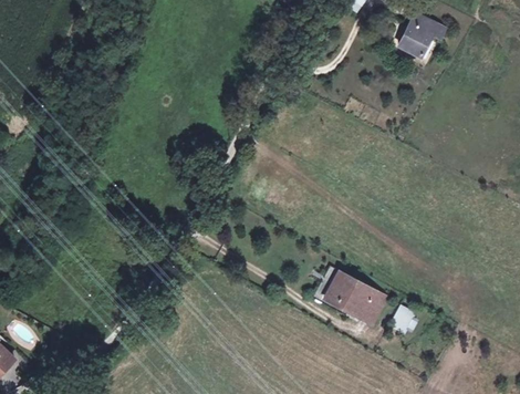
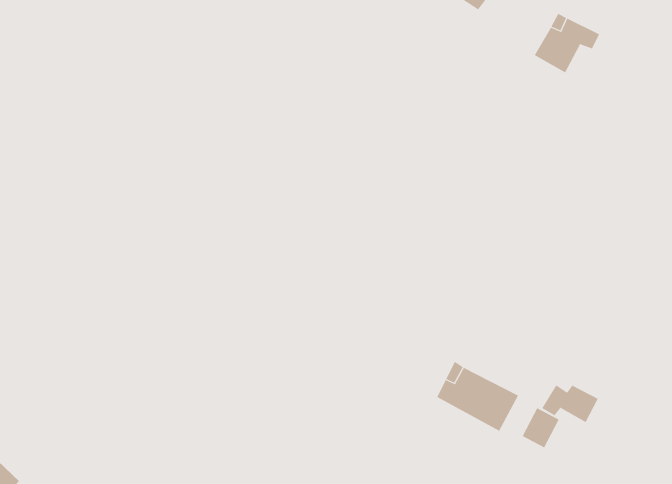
building: none -> [541,385,599,423]

